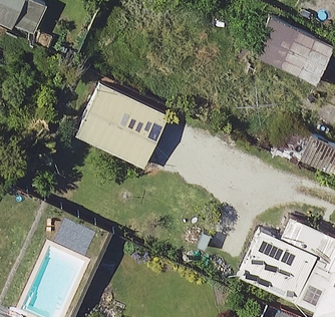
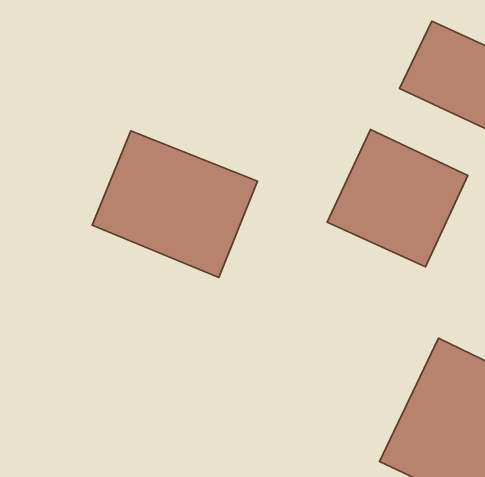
building: none -> [327,130,468,267]

